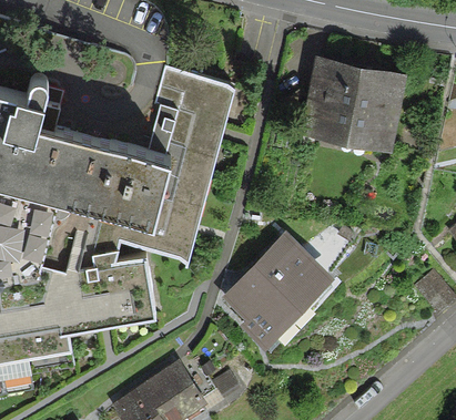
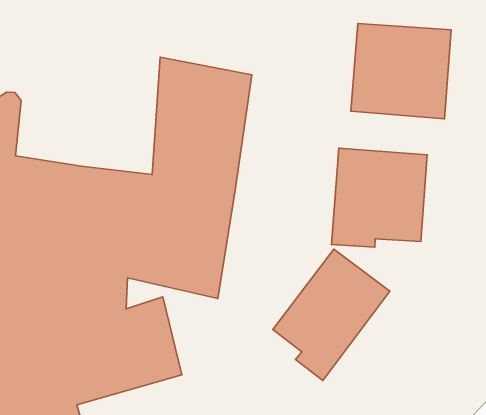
building: none -> [331,148,427,247]

